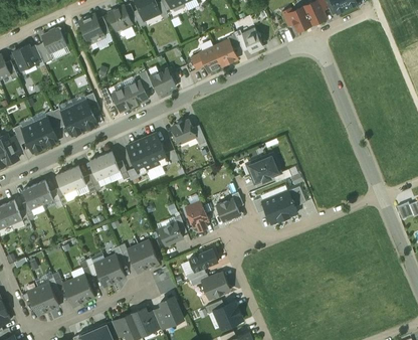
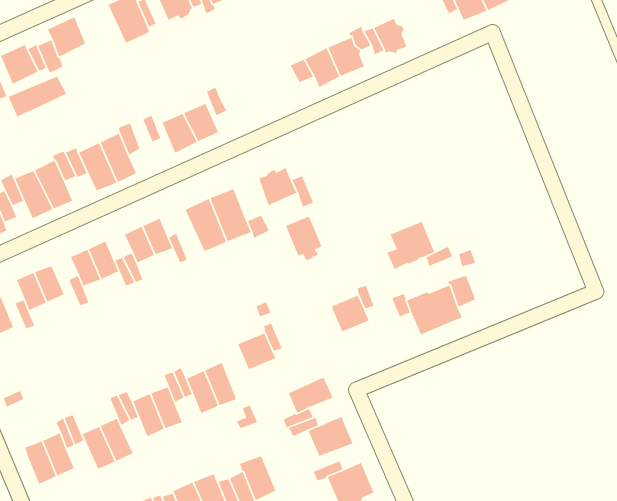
building: none -> [8,76,67,117]
building: [150,67,175,94] -> none
building: [185,201,208,229] -> [285,216,323,261]

